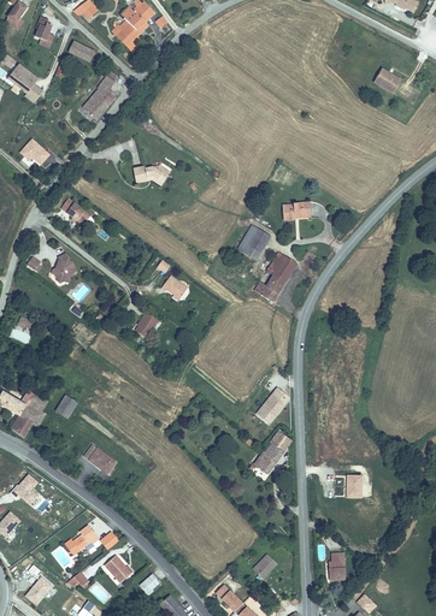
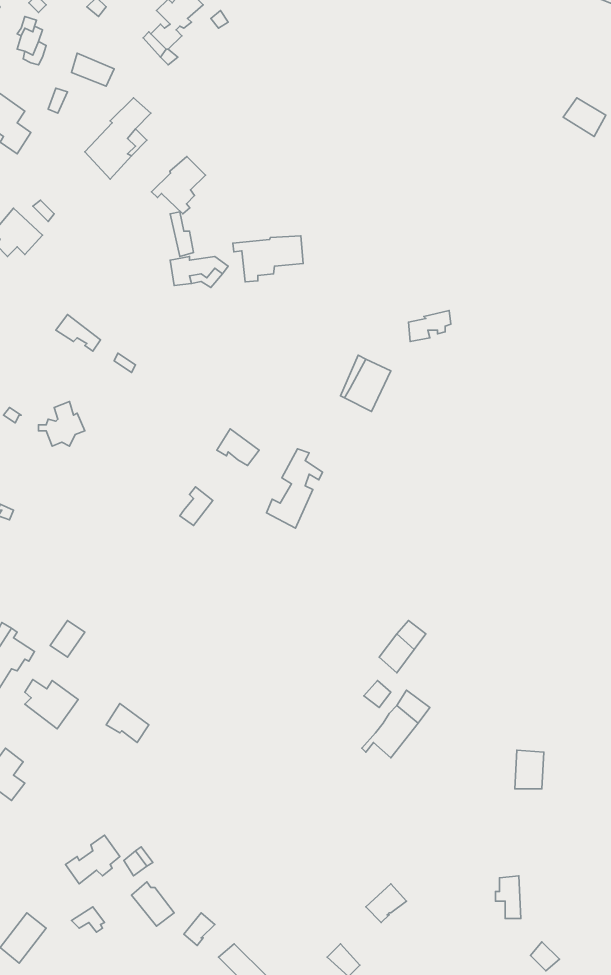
building: none -> [151,157,206,214]
building: none -> [233,236,303,282]
building: [258,253,293,302] -> [266,449,323,528]
building: none -> [25,680,78,729]

